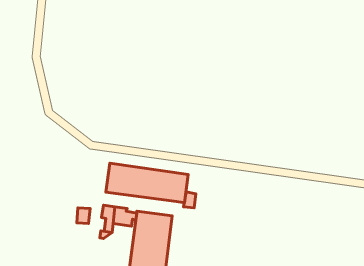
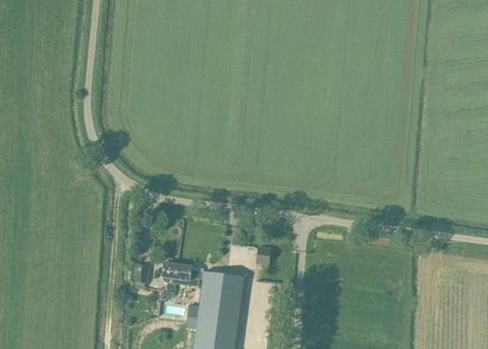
building: [106,163,188,203] -> none

